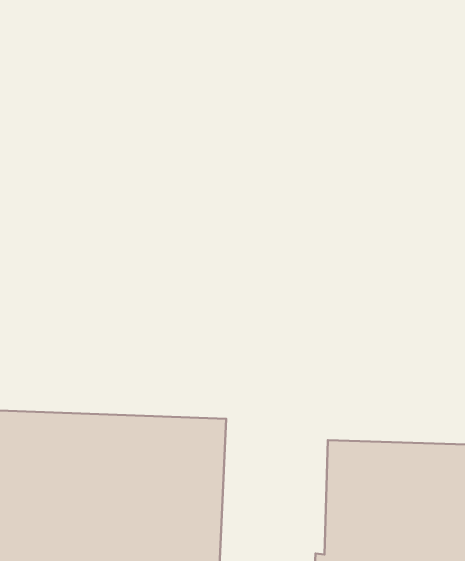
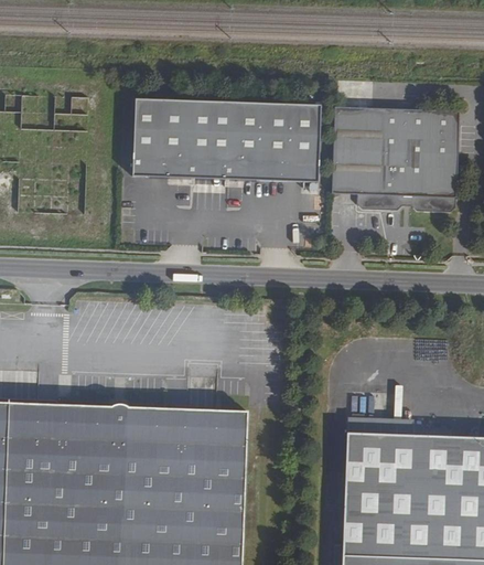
building: none -> [131,98,321,183]
building: none -> [332,107,460,212]

